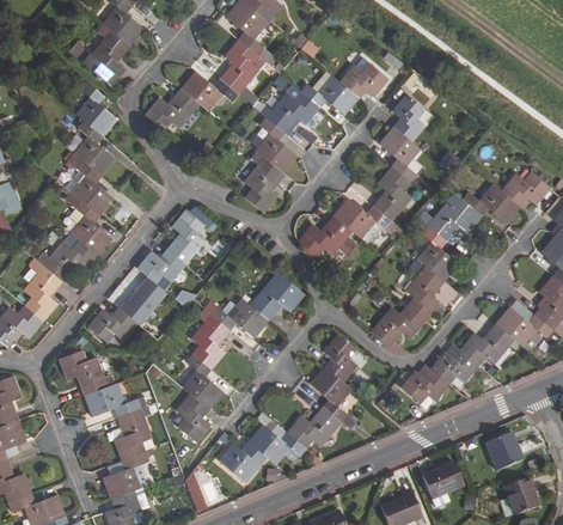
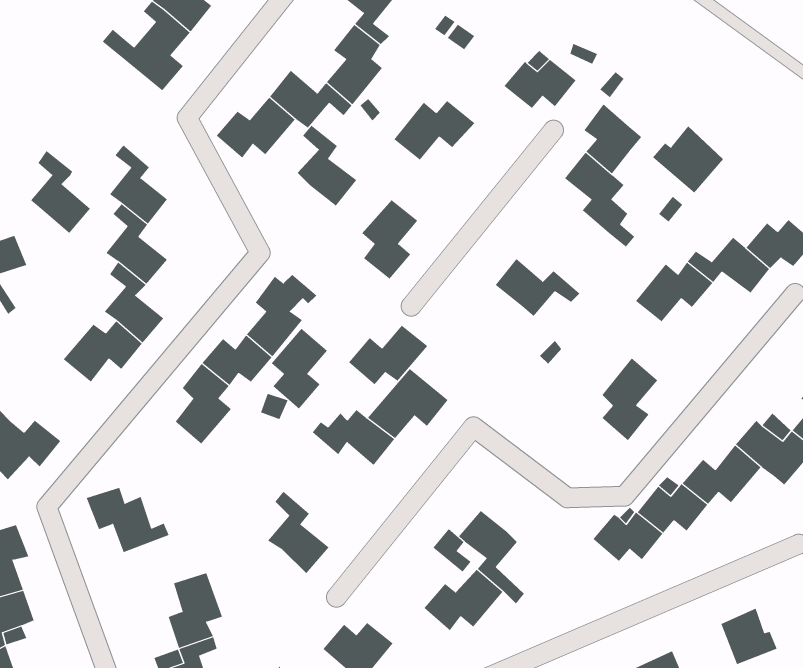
building: [301,75,359,114] -> none
building: [75,80,116,136] -> [30,150,91,234]
building: none -> [652,125,724,194]
building: [256,117,296,172] -> [297,125,357,207]
building: [373,165,411,221] -> none
building: [298,215,351,256] -> [348,325,428,385]
building: [417,226,458,280] -> none
building: [23,265,62,321] -> none
building: [369,305,423,346] -> none
building: [88,307,136,342] -> none
building: [190,315,228,370] -> [271,328,328,409]
building: [322,335,363,381] -> none
building: [84,384,140,416] -> none
building: [176,393,208,441] -> none
building: [247,426,304,464] -> none

